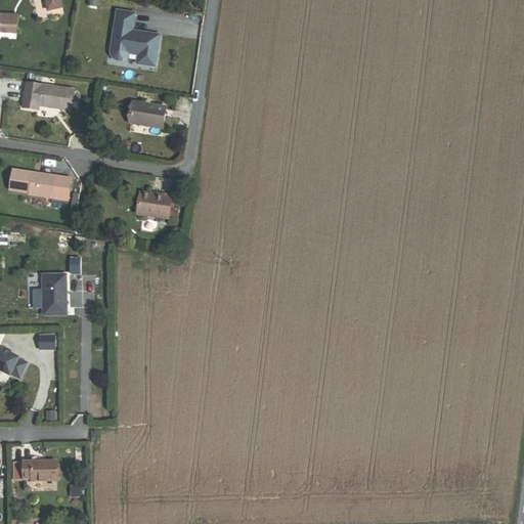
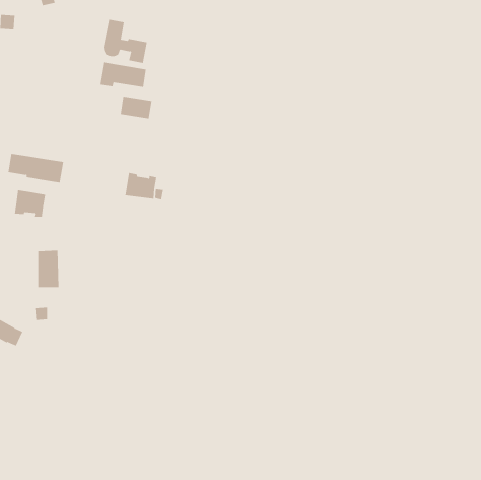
building: [21,84,73,112] -> [99,62,147,87]
building: none -> [14,189,46,218]
building: [20,460,54,479] -> none

